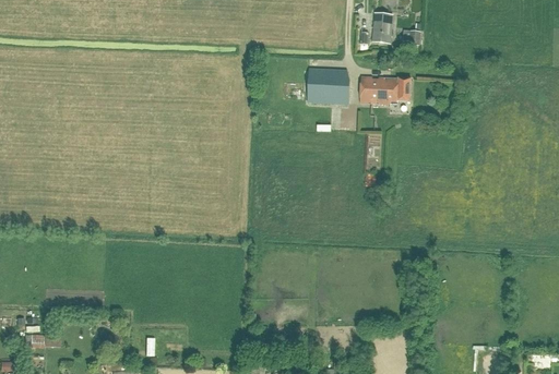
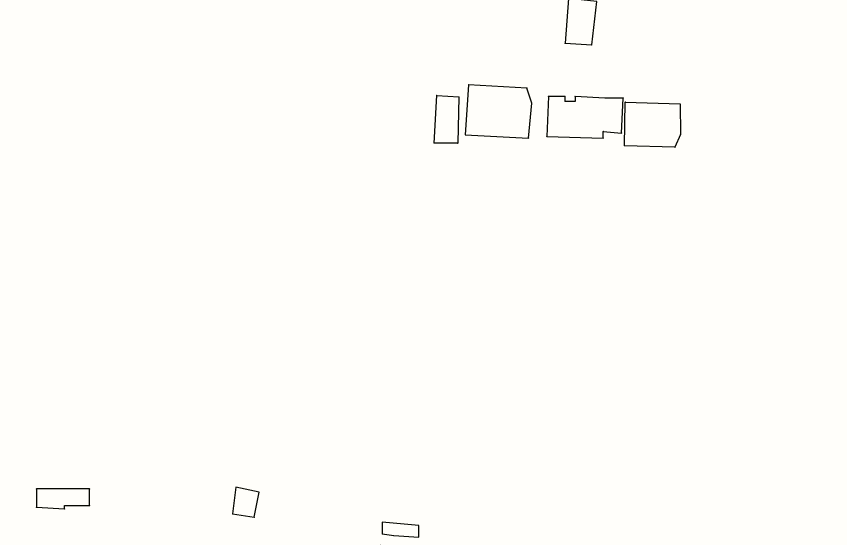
building: none -> [434,95,459,143]
building: none -> [624,102,680,147]

